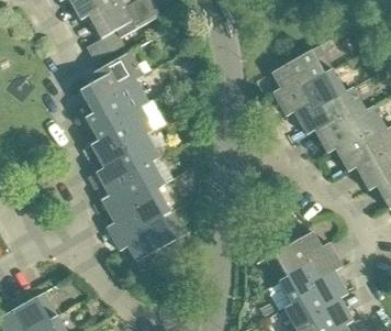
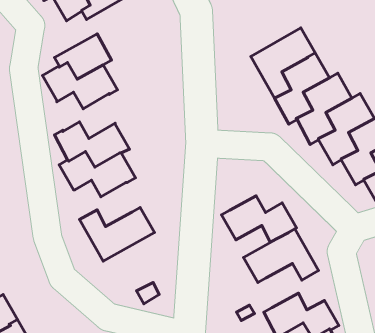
building: [85,106,154,148] -> none
building: [100,187,169,230] -> none
building: [278,264,347,307] -> [222,196,297,242]

